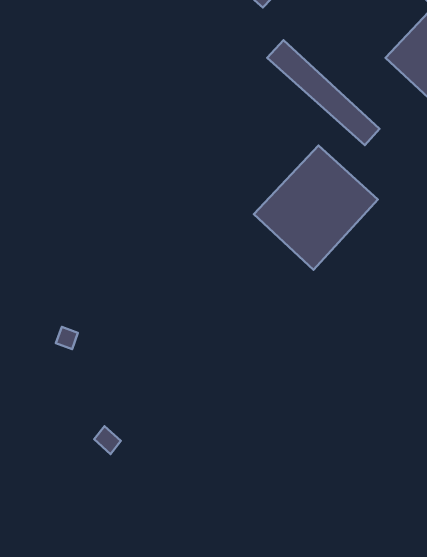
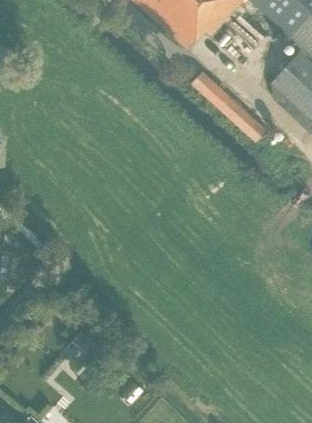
building: [254,146,378,270] -> none

